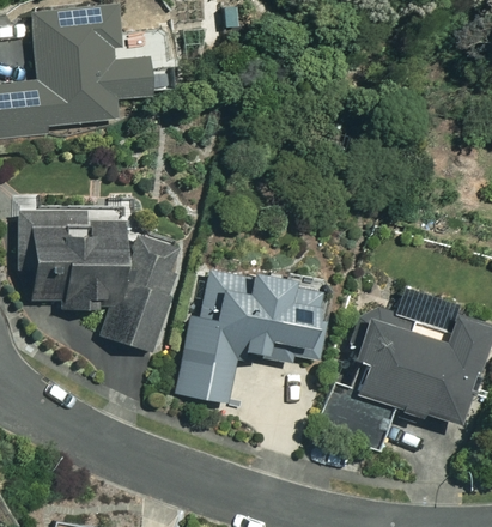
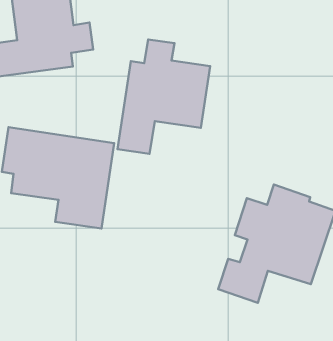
building: none -> [117,39,210,154]
building: [183,269,327,402] -> none

